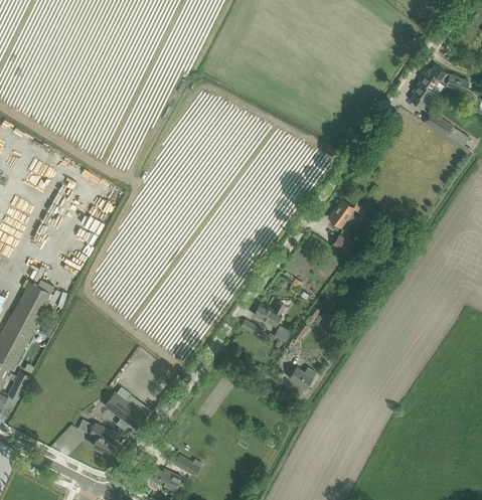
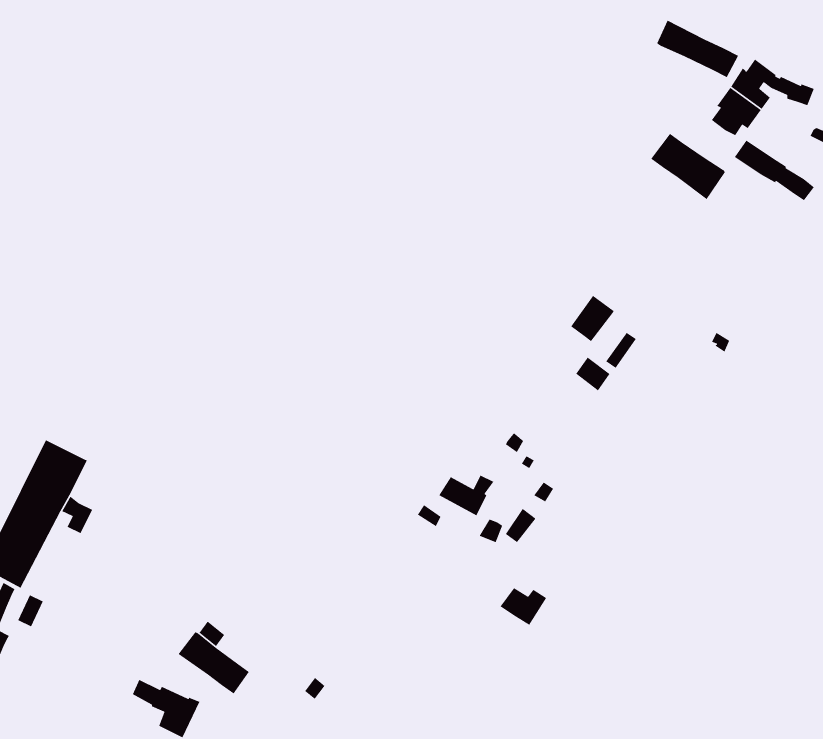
building: none -> [656,19,739,78]
building: none -> [650,133,726,200]

